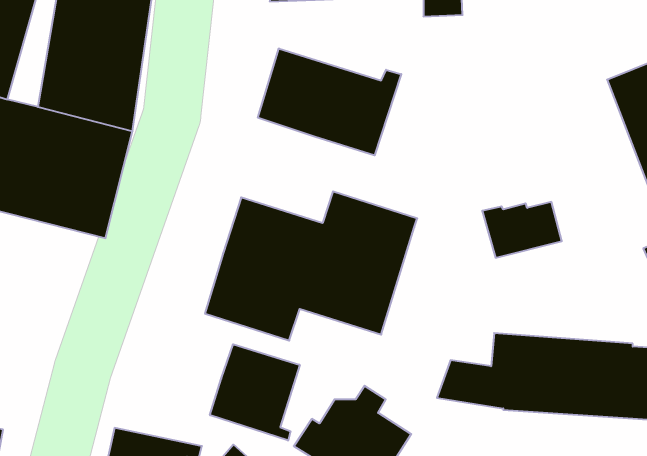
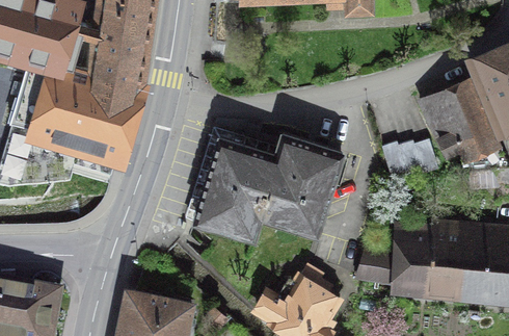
building: [258,48,401,155] -> none
building: none -> [428,77,494,161]
building: [210,344,300,441] -> none

